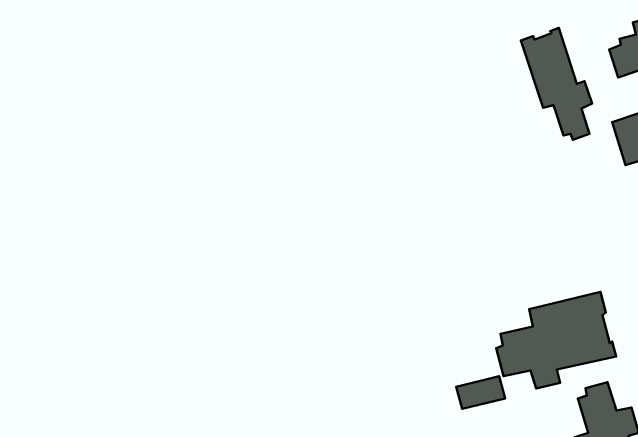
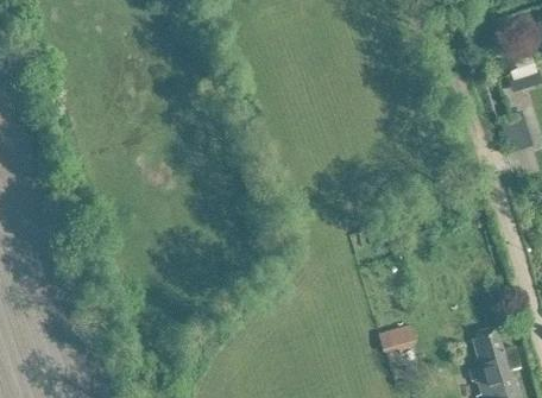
building: [521,28,592,140] -> none
building: [496,292,616,389] -> none

